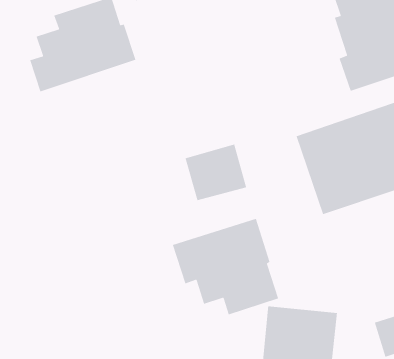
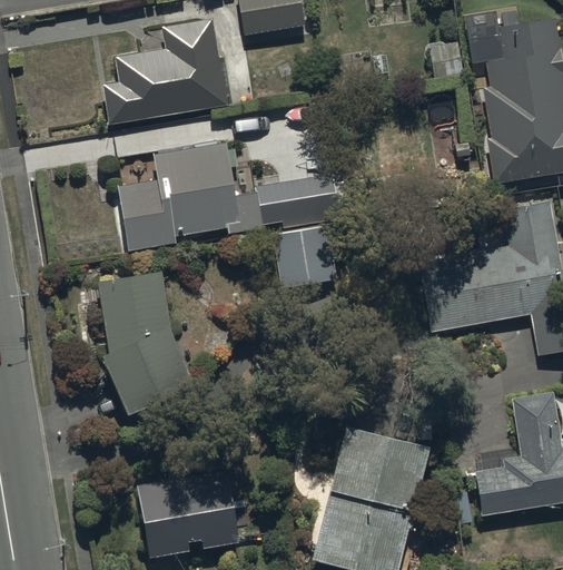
building: none -> [118,141,340,252]
building: none -> [98,271,199,421]
building: [172,218,279,315] -> none

